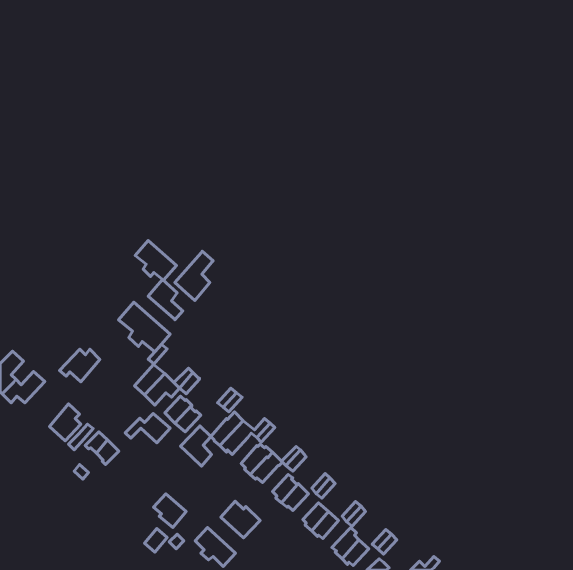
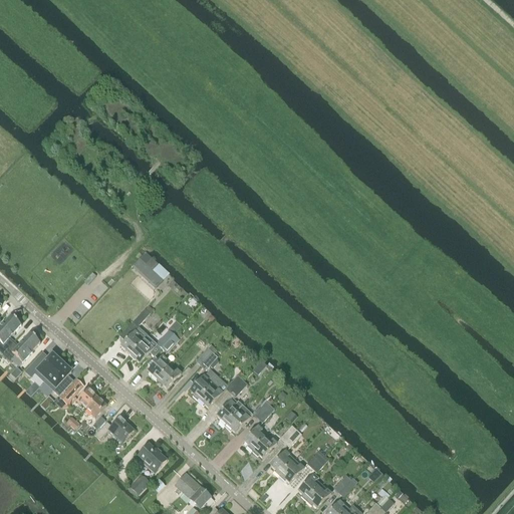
building: [135,241,177,280] -> none
building: [175,251,213,300] -> none
building: [118,302,170,352] -> none
building: [60,349,100,382] -> [25,352,61,381]
building: [125,414,170,443] -> [94,416,135,442]
building: [181,426,212,466] -> none
building: [221,501,260,538] -> none

